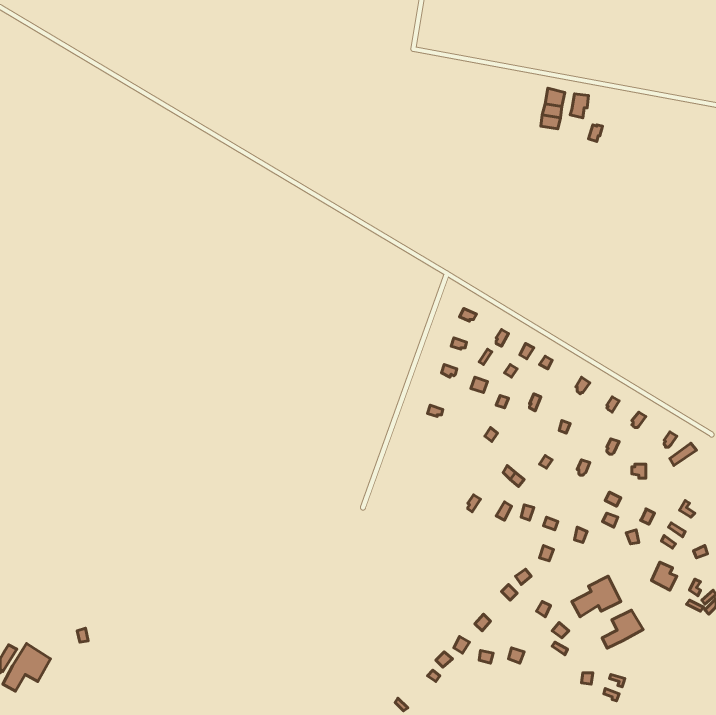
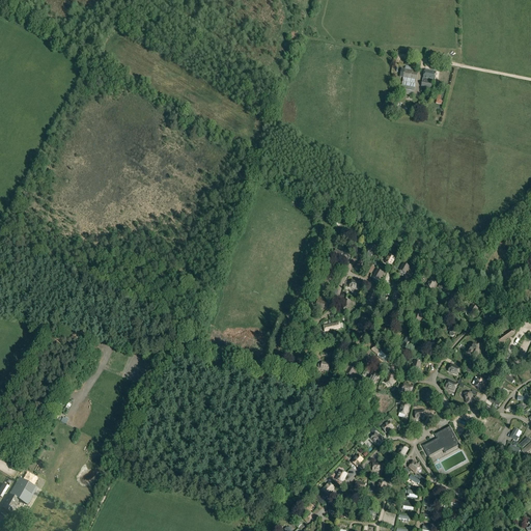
building: [602,610,643,648] -> none

